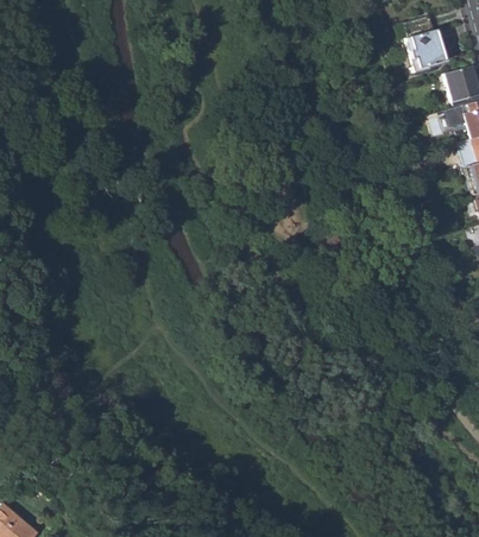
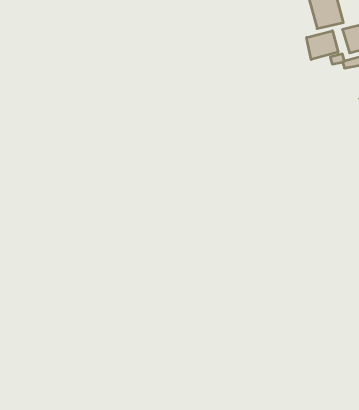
building: none -> [307,31,338,60]

